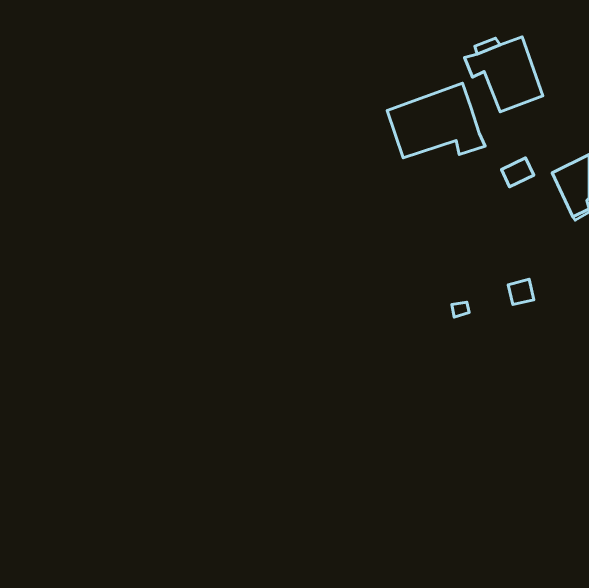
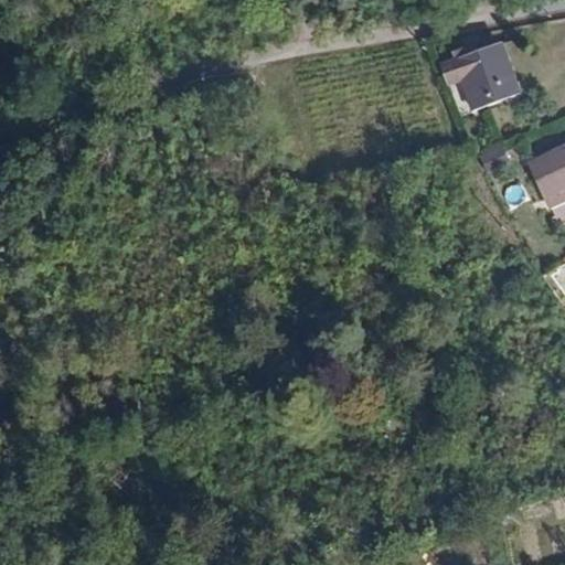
building: [387,83,485,158] -> none

